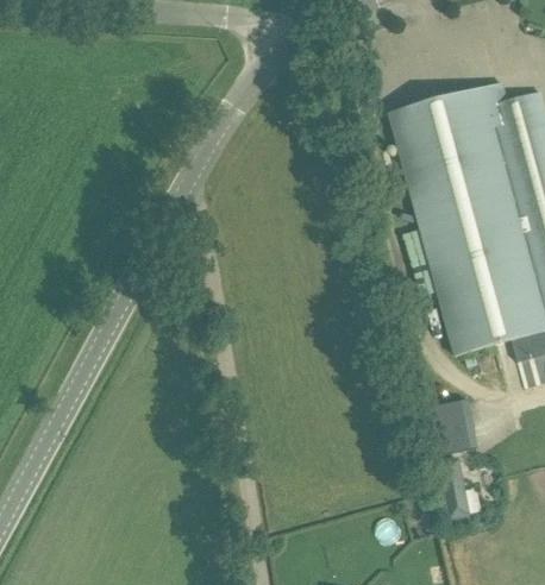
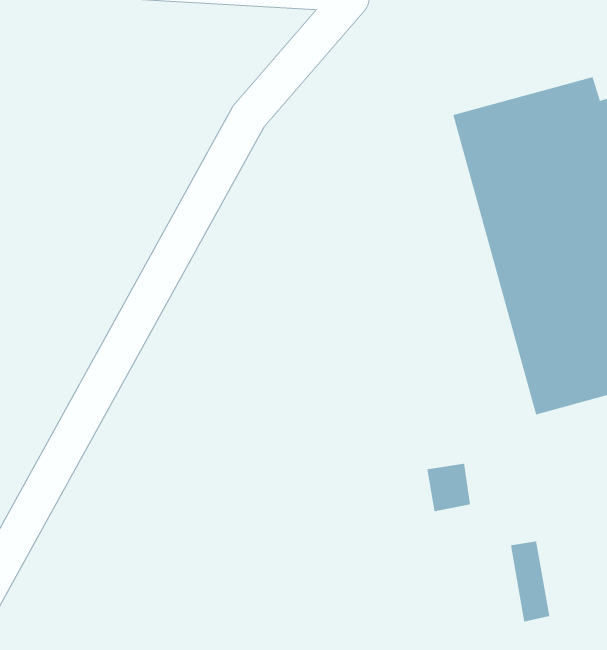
building: [432,404,468,444] -> [426,463,471,512]

